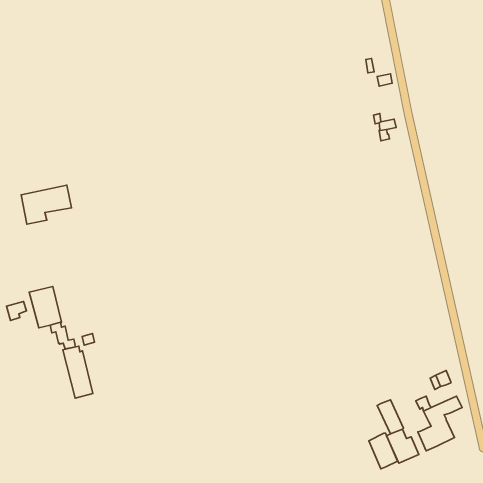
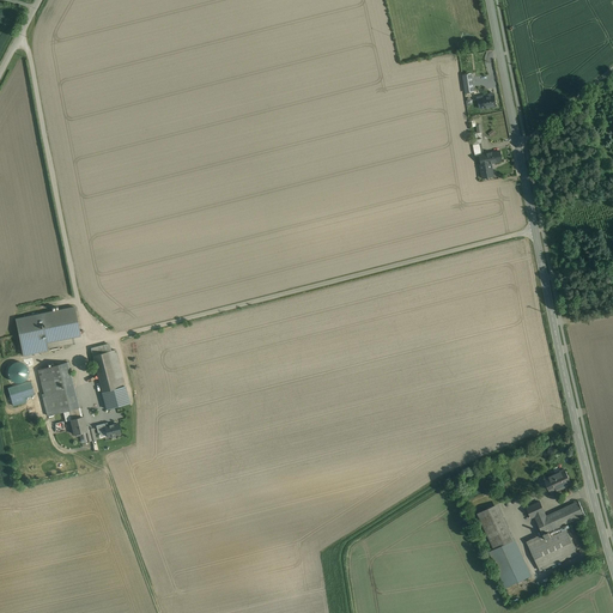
building: [21,185,71,224] -> [16,306,79,356]
building: [63,346,93,398] -> [90,344,128,409]
building: [369,433,398,469] -> none

